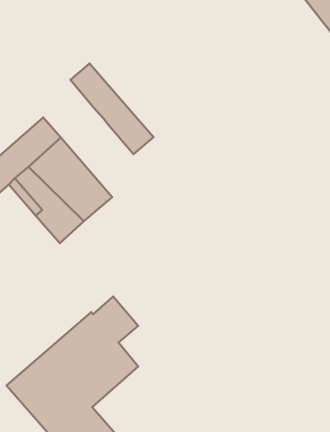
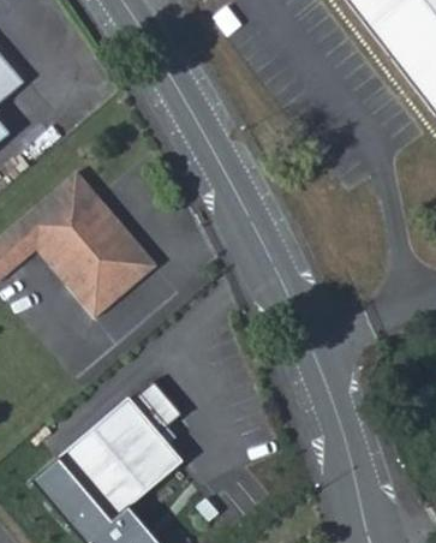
building: [70,63,154,154] -> none

